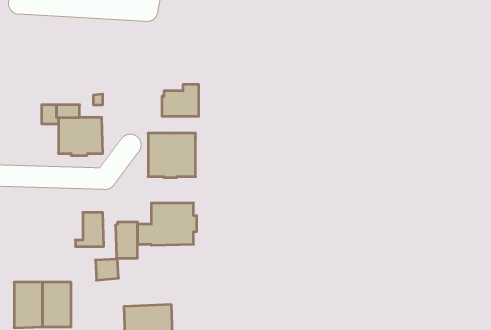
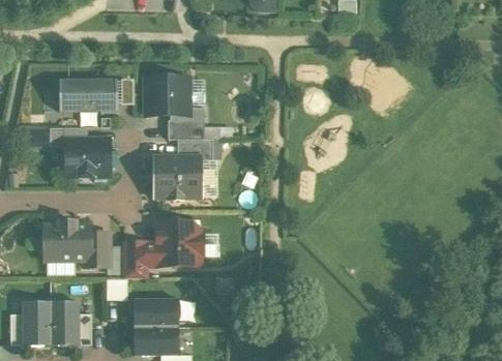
building: none -> [146,78,188,114]
building: none -> [59,79,119,113]
building: none -> [177,139,212,159]
building: none -> [40,221,90,260]
building: none -> [129,297,177,325]

